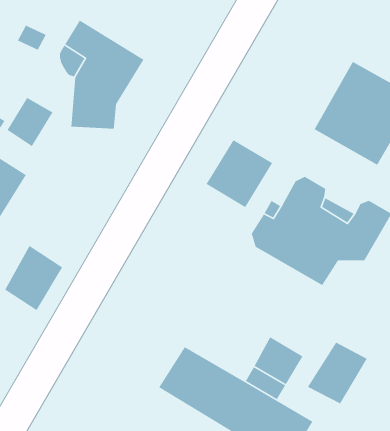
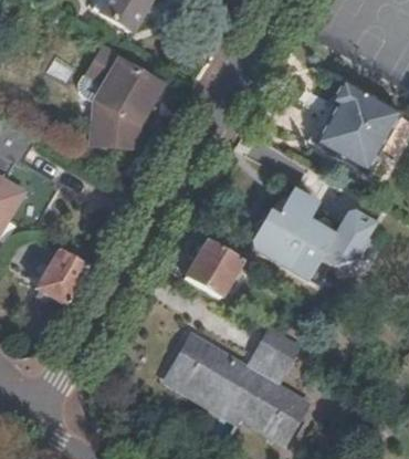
building: [6,97,53,147] -> none
building: [206,139,273,208] -> [183,239,243,300]
building: [307,341,368,405] -> none

